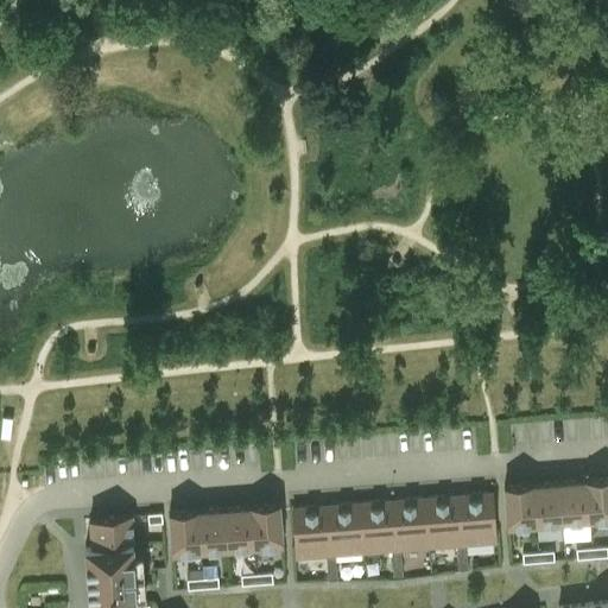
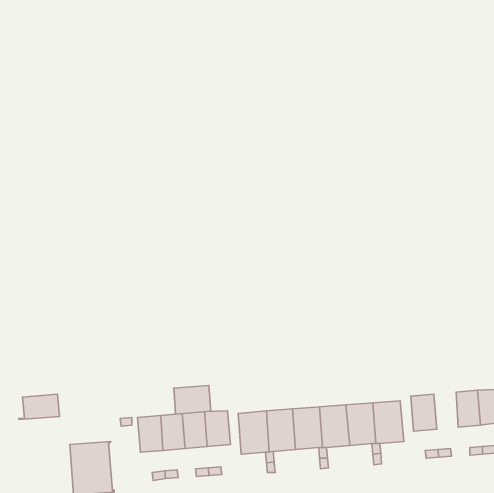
building: none -> [173,385,211,414]
building: [533,483,563,528] -> none
building: [87,517,137,547] -> [19,394,59,419]

